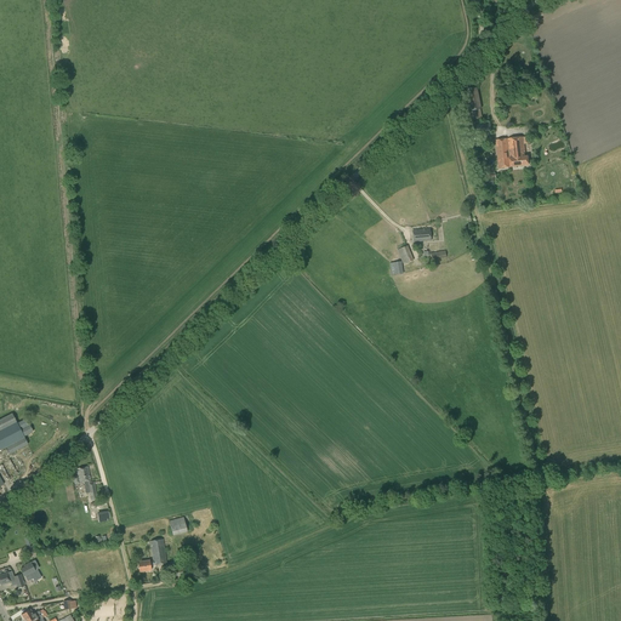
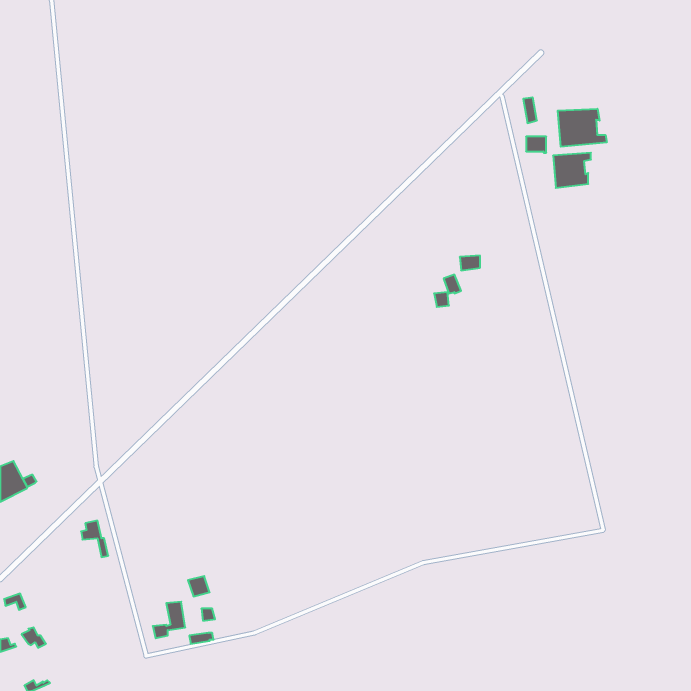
building: none -> [558,109,607,147]

